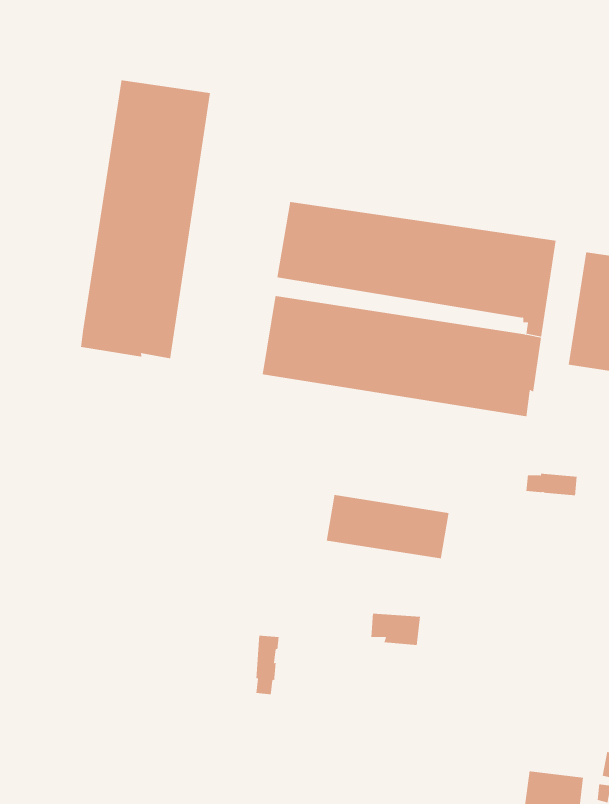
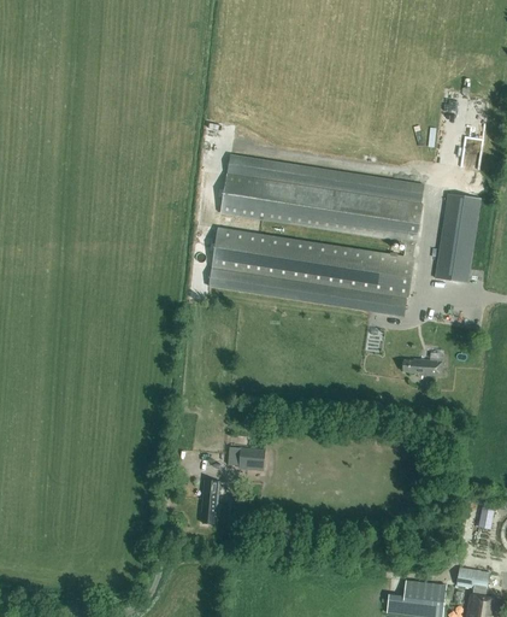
building: [81,80,210,359] -> none
building: [326,494,449,559] -> none
building: [371,613,421,646] -> [229,446,266,470]

